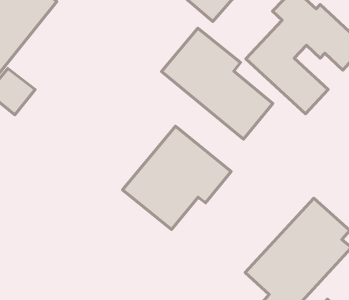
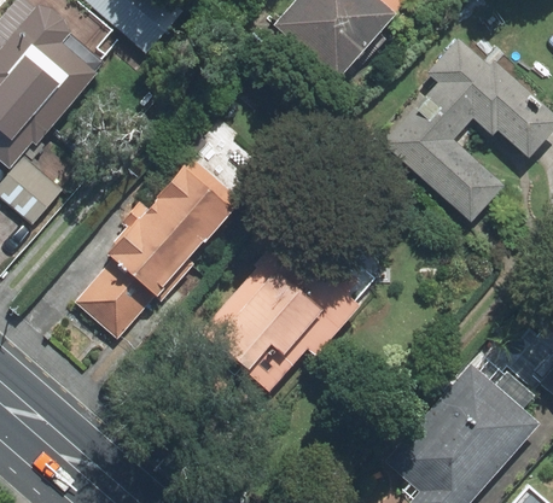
building: [161,28,273,139] -> none
building: none -> [77,156,239,338]

